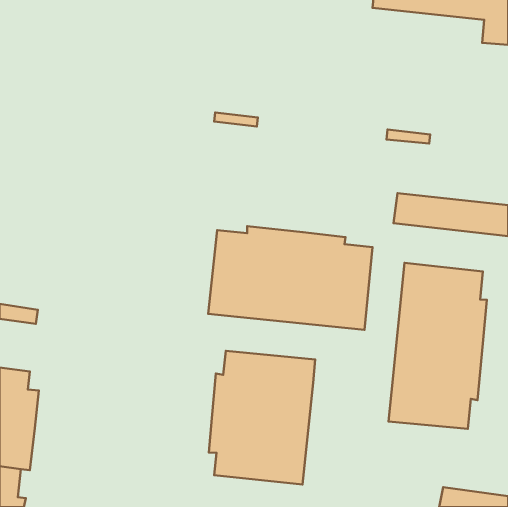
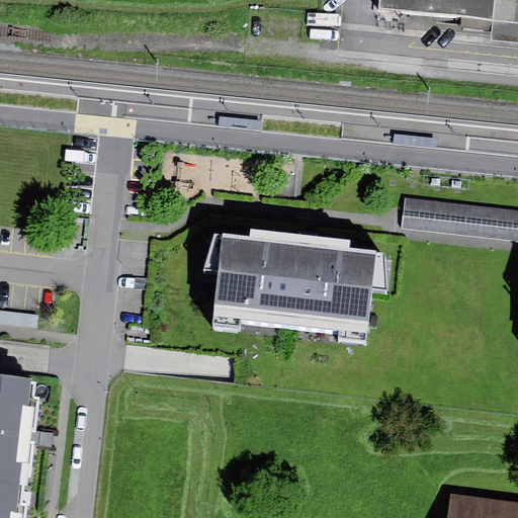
building: [389,263,487,429] -> none
building: [209,351,315,485] -> none

